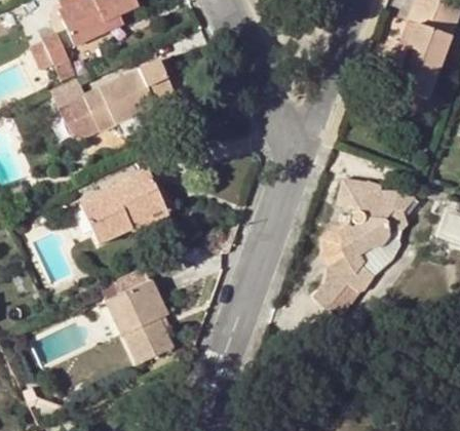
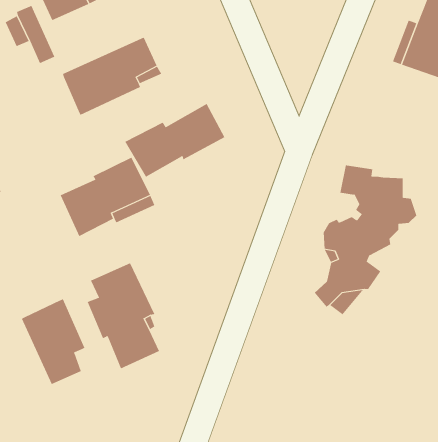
building: [60,96,99,141] -> none
building: none -> [125,103,225,177]
building: none -> [21,299,85,385]

